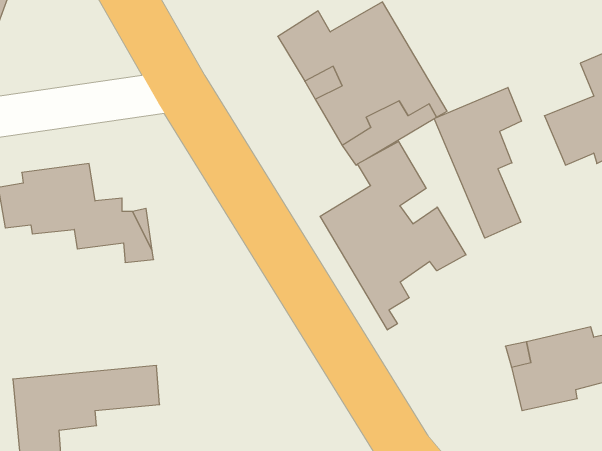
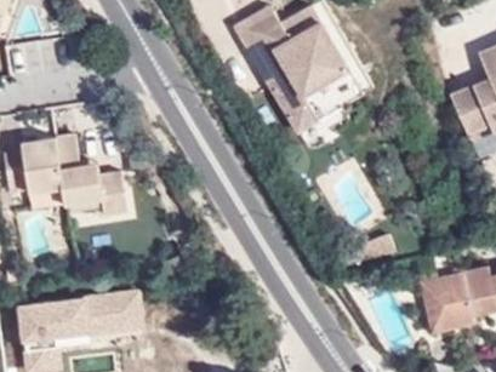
building: [434,87,521,238] -> none
building: [320,141,466,330] -> none

